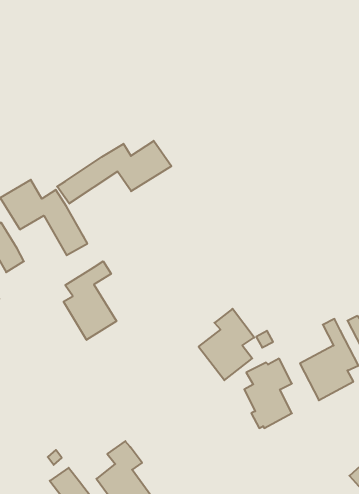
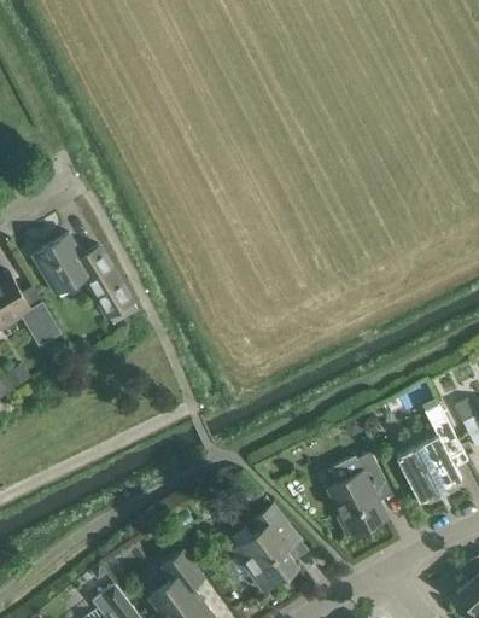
building: [57,141,171,204] -> none
building: [64,261,116,340] -> none
building: [199,309,254,380] -> [232,505,299,591]

